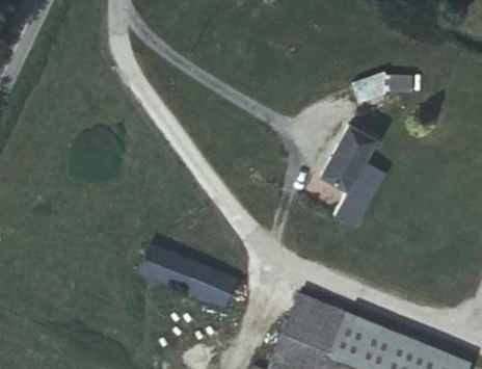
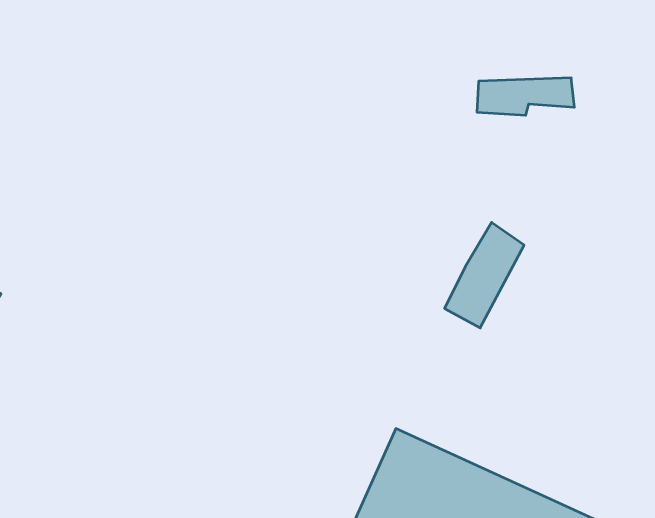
building: [322,129,374,193] -> none
building: [142,245,236,312] -> none

